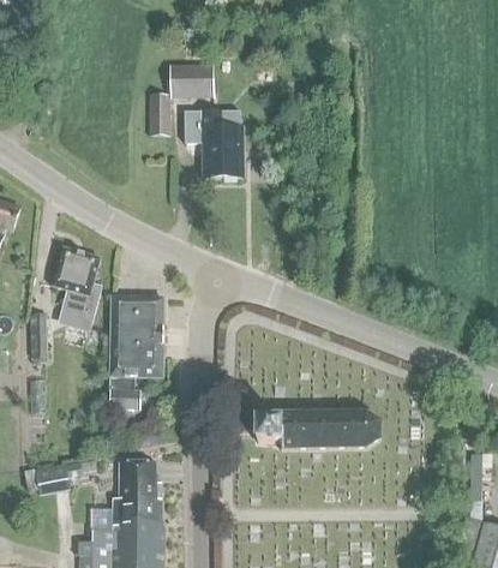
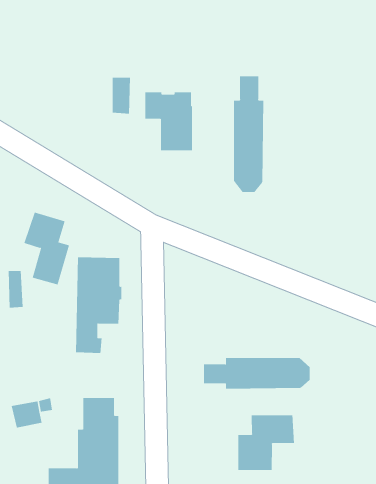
building: [170,62,215,96] -> none
building: none -> [233,76,264,193]
building: none -> [238,415,295,471]

